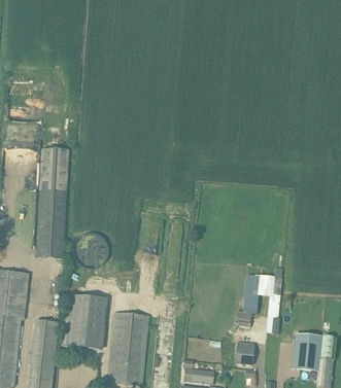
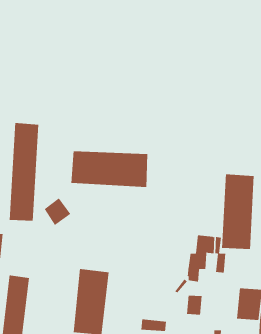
building: none -> [71,150,148,188]
building: none -> [221,174,254,250]
building: [62,293,105,348] -> none

